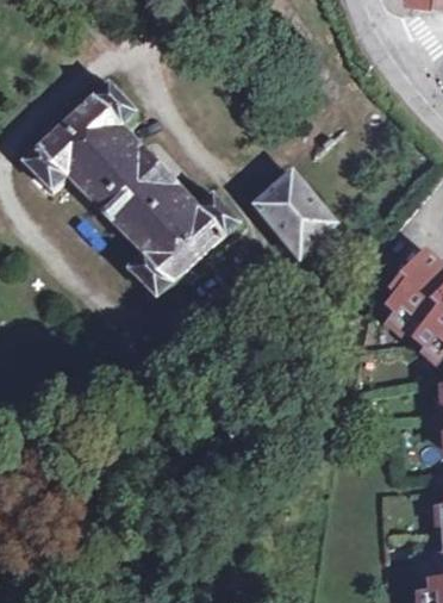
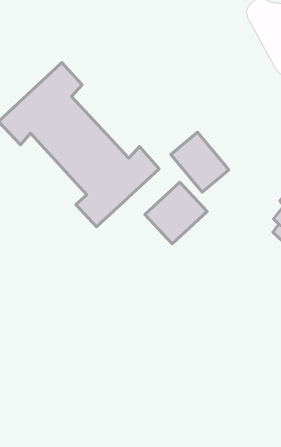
building: none -> [145,182,207,244]

